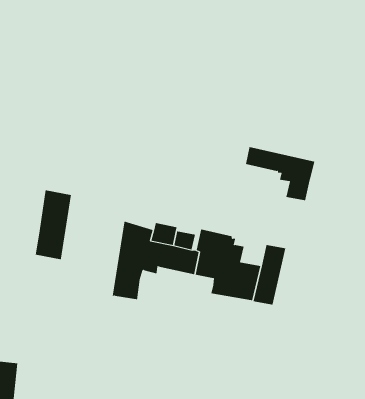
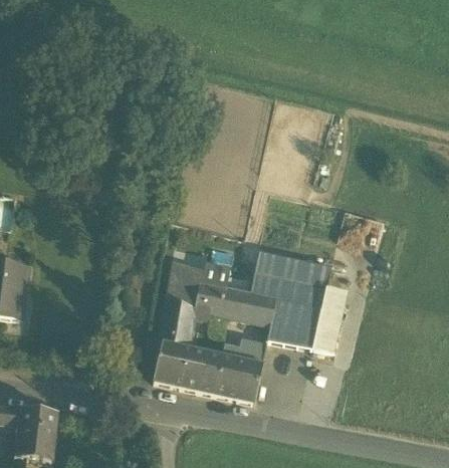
building: [245,147,315,201] -> [255,250,331,309]
building: [35,189,72,260] -> none
building: none -> [153,338,266,403]

